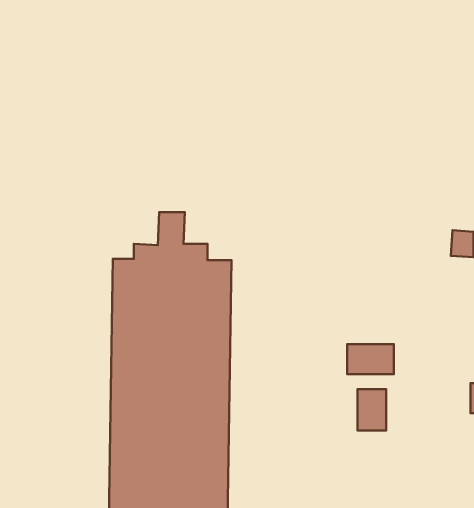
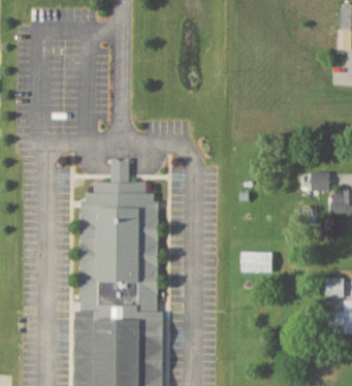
building: [358,389,386,430] -> none

